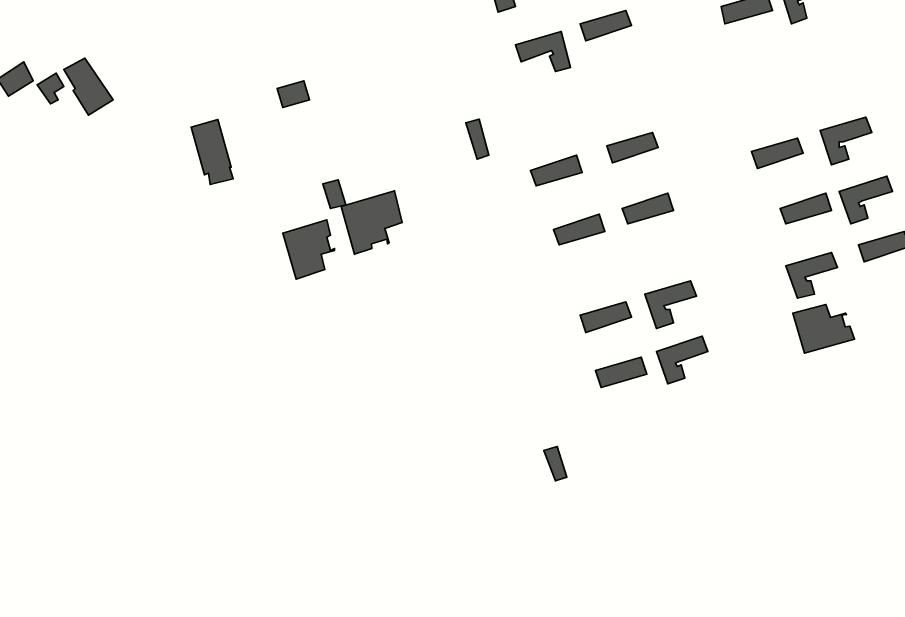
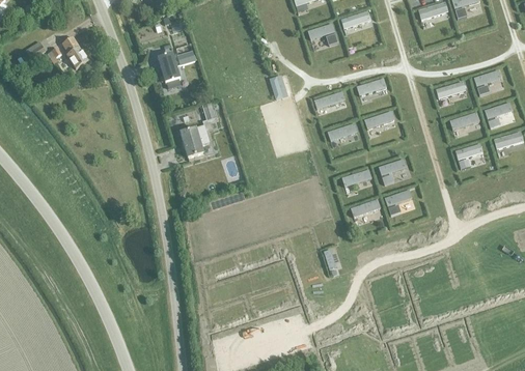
building: [191,120,233,184] -> [158,53,181,88]
building: [341,191,402,254] -> none
building: [793,304,854,353] -> none

